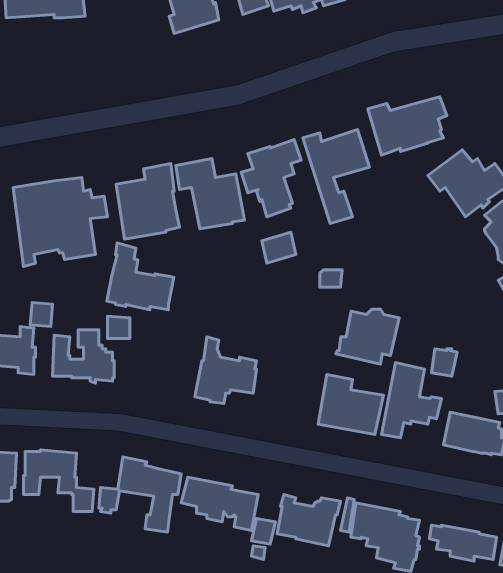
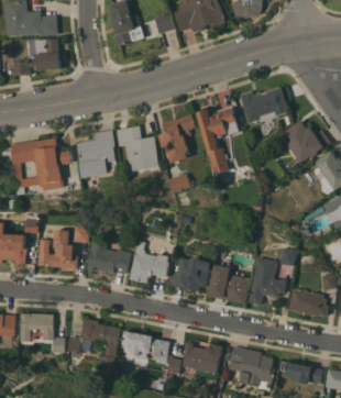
building: none -> [11,40,59,76]
building: [107,243,174,310] -> [85,231,128,274]
building: [336,309,399,364] -> [168,257,209,292]

